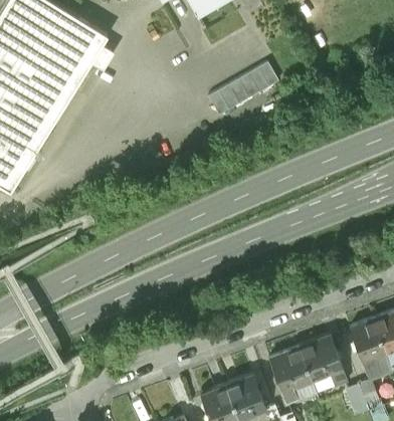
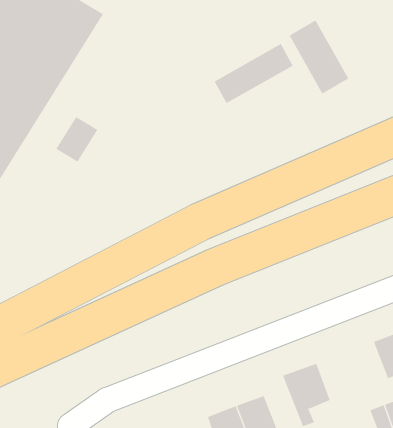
building: none -> [289,20,349,94]
building: none -> [55,116,98,162]
building: [300,338,347,388] -> none

